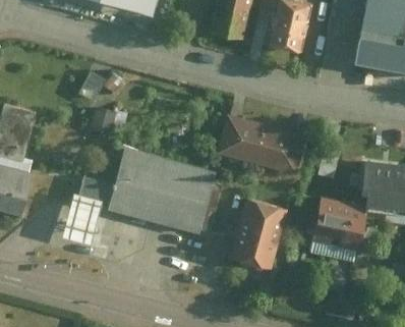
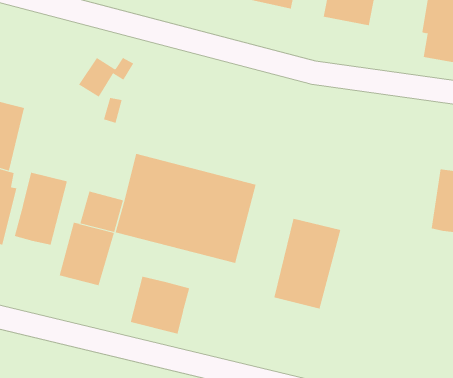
building: [221,115,309,174] -> none
building: none -> [14,172,68,246]
building: [314,201,365,250] -> none
building: none -> [130,276,190,334]

